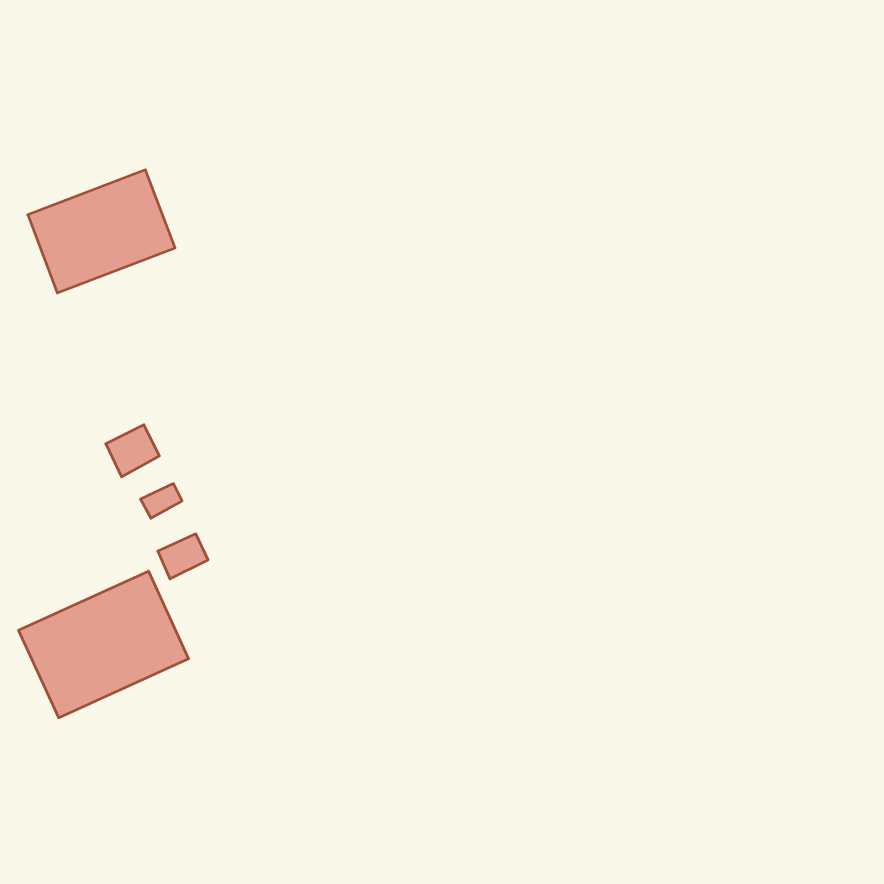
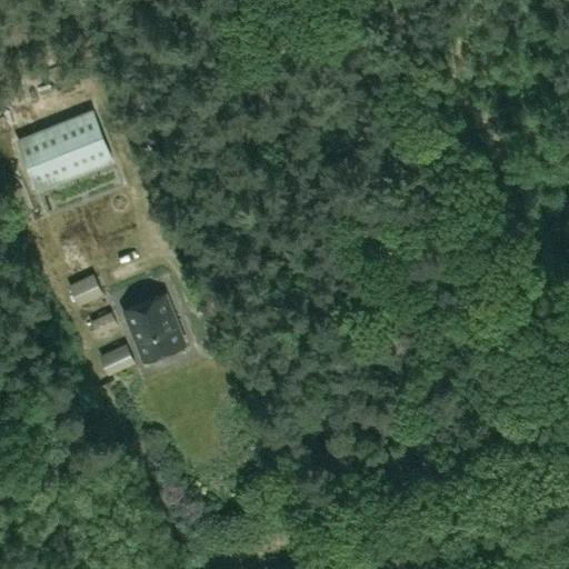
building: none -> [123,293,184,360]
building: [19,571,189,718] -> none

